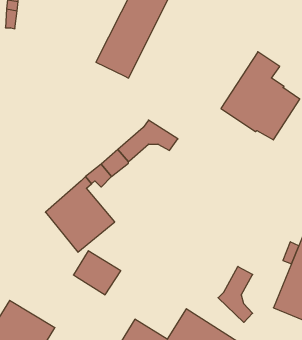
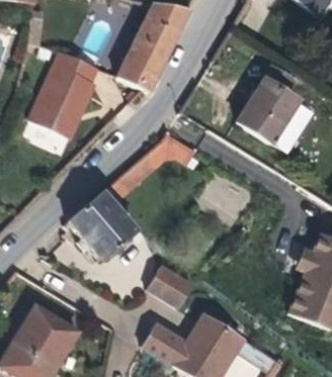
building: none -> [30,51,98,137]
building: [73,251,121,295] -> [148,266,193,308]
building: [218,266,253,322] -> none

